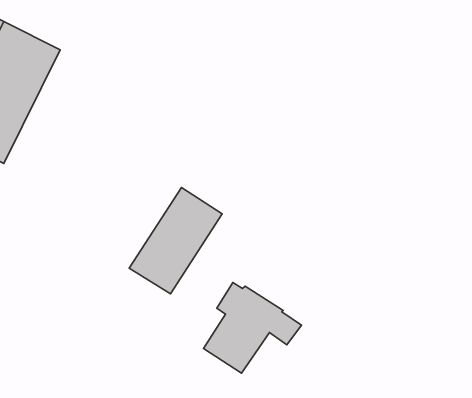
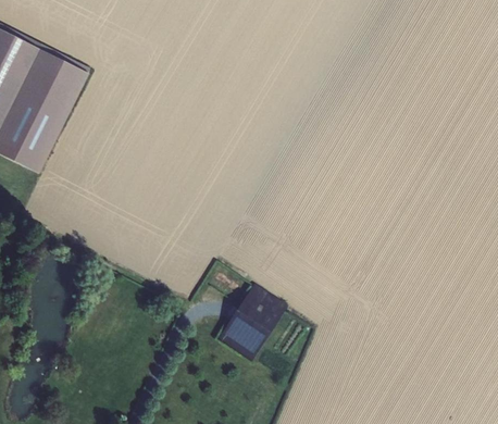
building: [129,187,222,294] -> none

